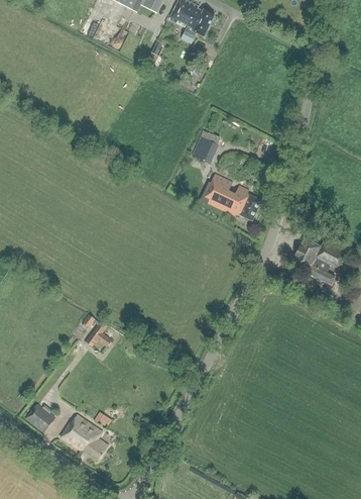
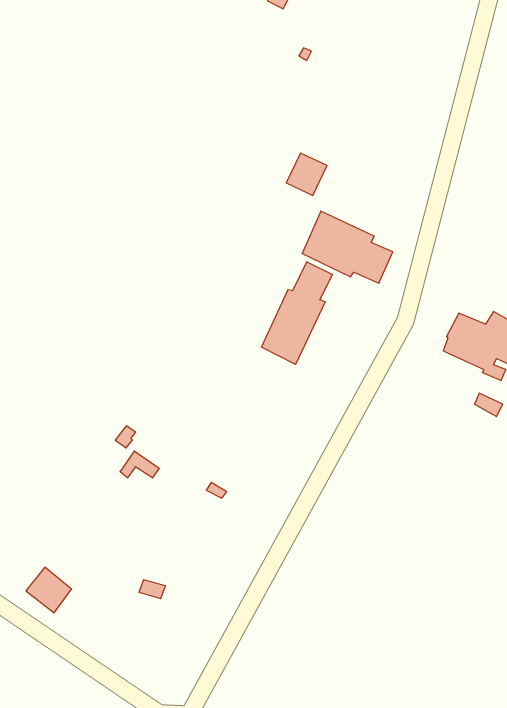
building: none -> [262,262,332,364]
building: [62,414,108,460] -> none

